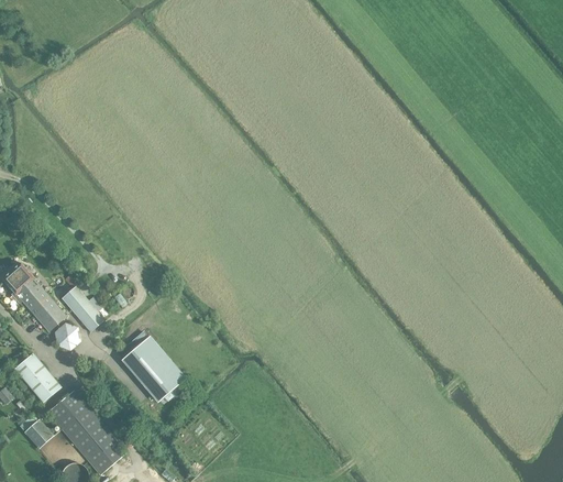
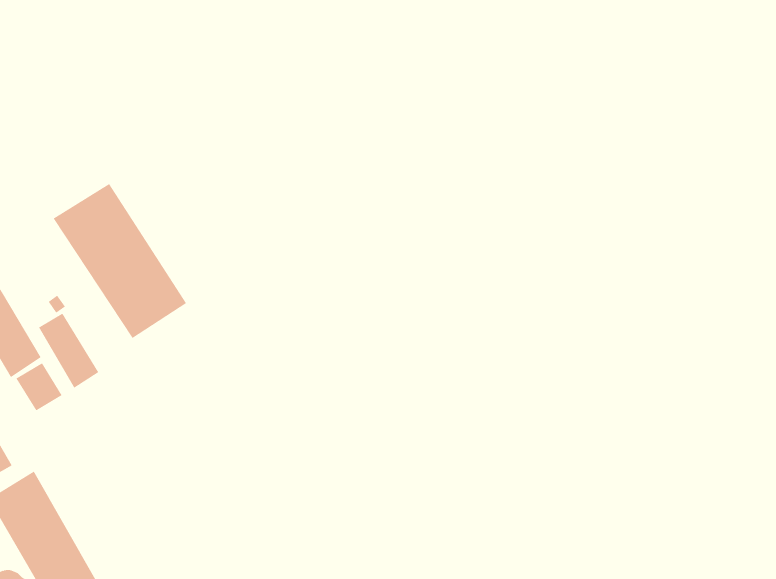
building: none -> [53,183,187,339]
building: [122,330,184,401] -> none

